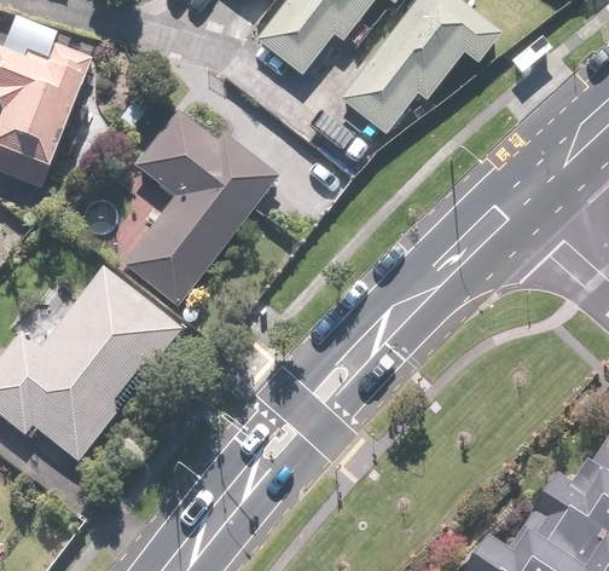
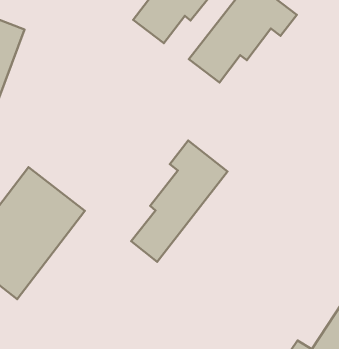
building: [120,108,277,305] -> none
building: none -> [131,140,227,262]

